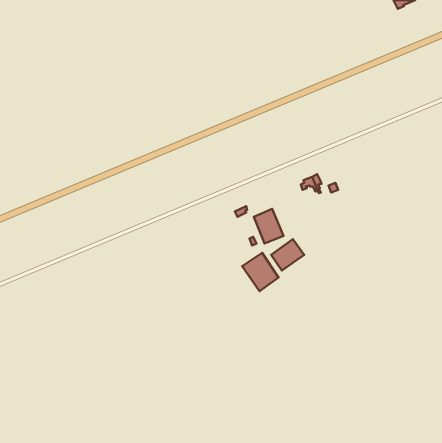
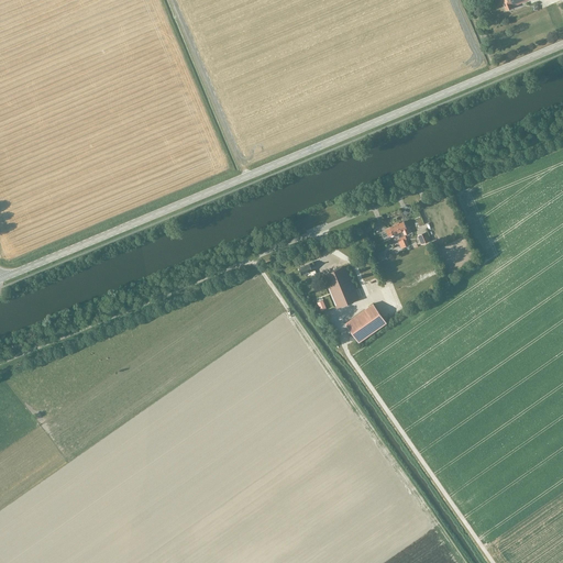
building: [242,253,279,291] -> none

